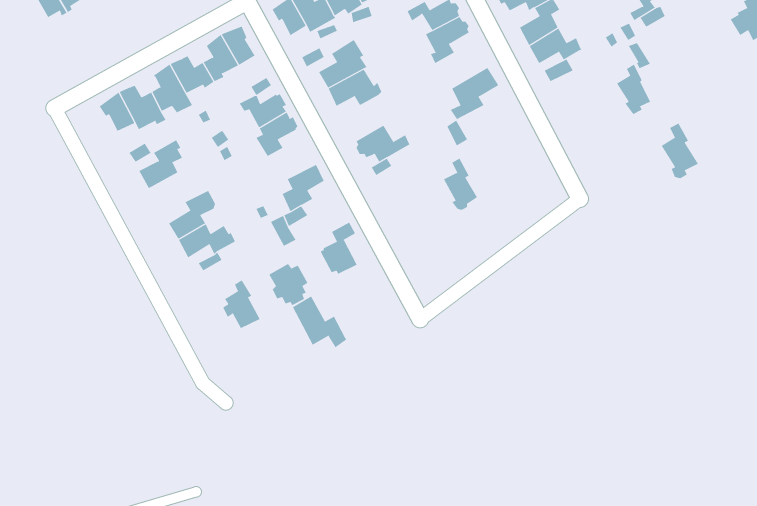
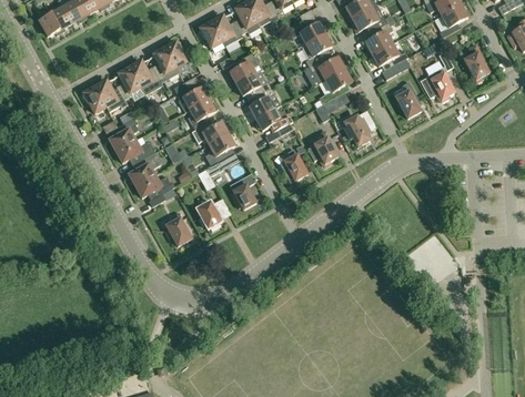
building: none -> [307,55,343,83]
building: none -> [395,79,420,116]
building: none -> [248,86,280,118]
building: [661,123,699,179] -> [463,43,488,81]
building: none -> [344,110,374,144]
building: none -> [191,121,228,143]
building: none -> [114,139,154,161]
building: none -> [282,147,306,181]
building: [292,295,348,348] -> none

